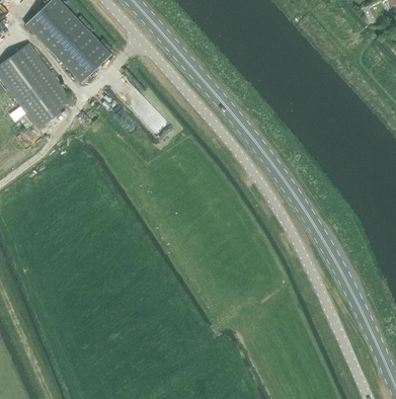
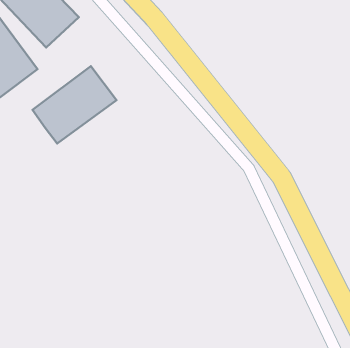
building: none -> [32,66,116,143]

